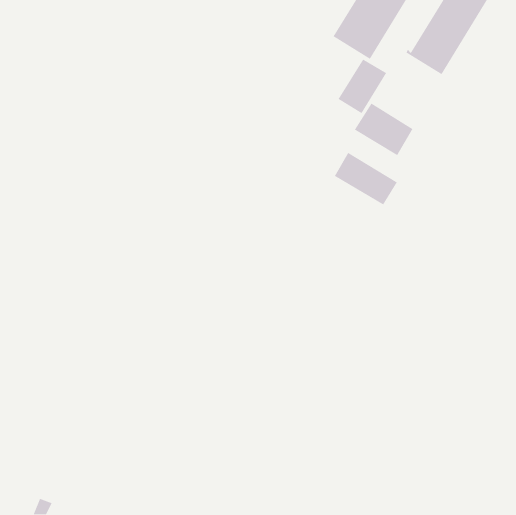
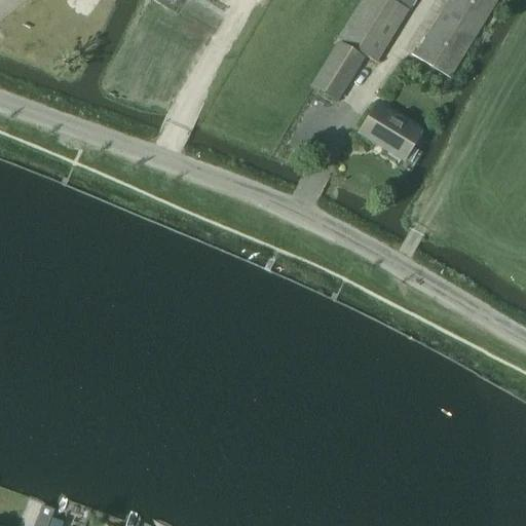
building: [338,58,387,114] -> [313,42,364,99]
building: [334,152,398,205] -> none

